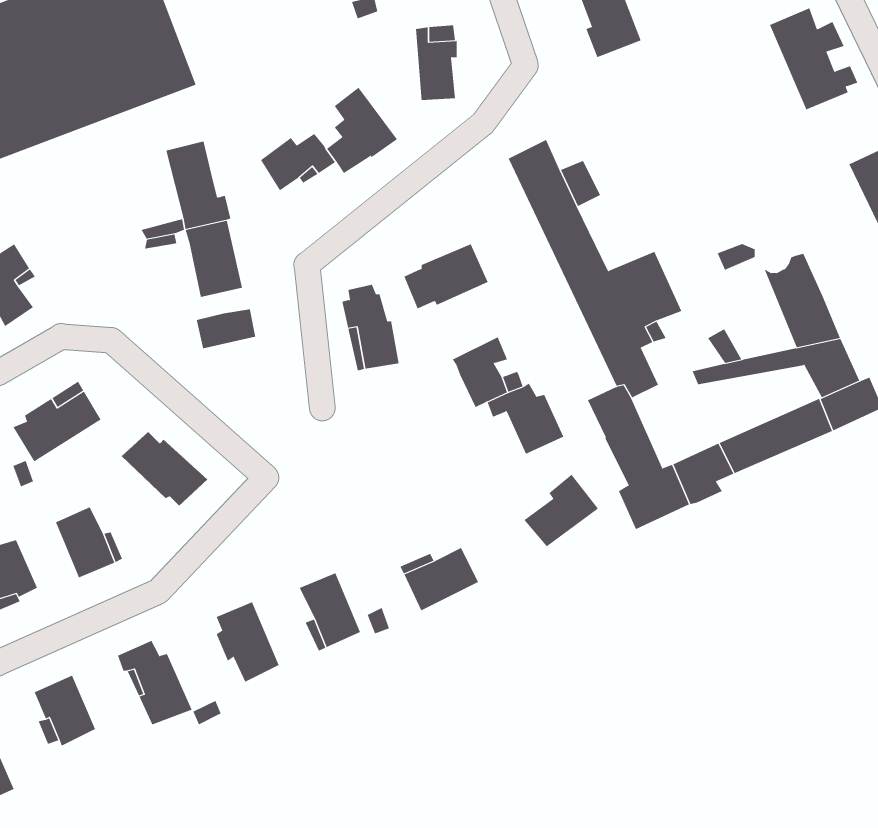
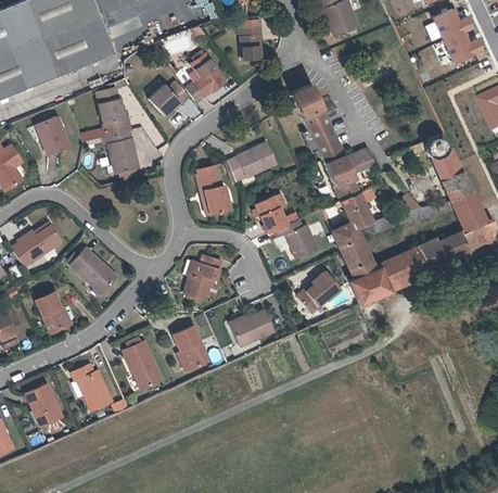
building: none -> [37,116,69,153]
building: [196,308,256,349] -> none
building: none -> [183,255,220,300]

